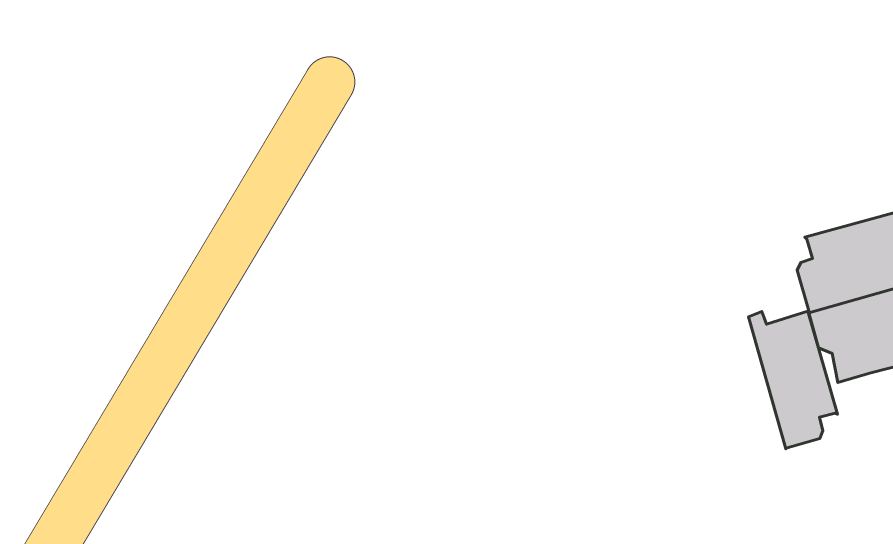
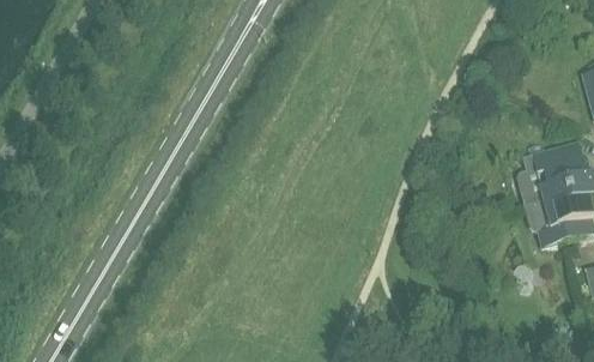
building: [748,311,838,449] -> none

